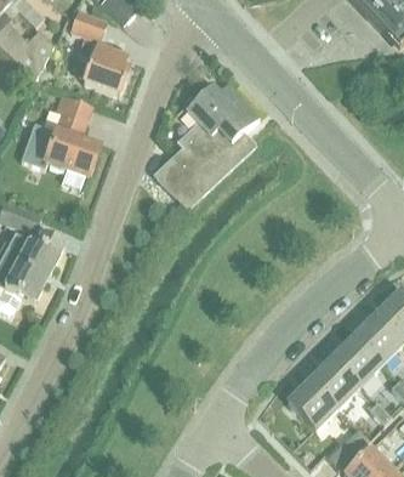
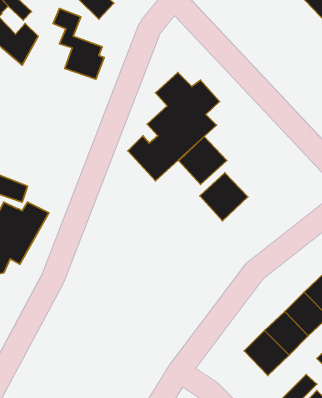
building: [19,95,98,187] -> none
building: none -> [179,136,227,185]
building: none -> [200,173,248,221]

